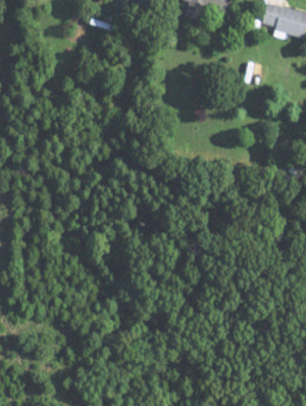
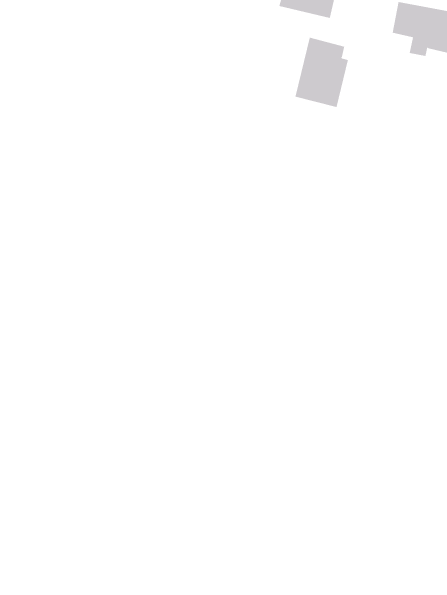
building: none -> [295,37,349,108]

